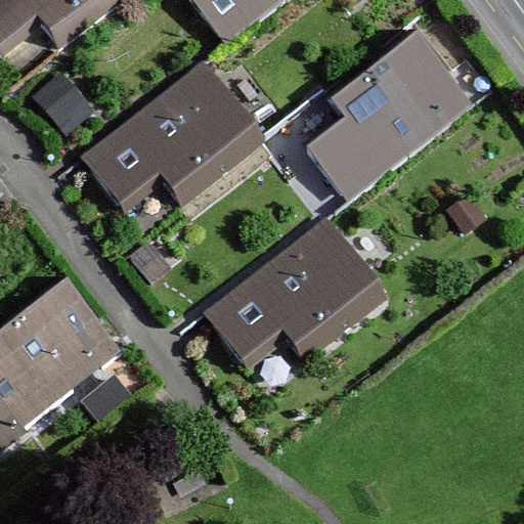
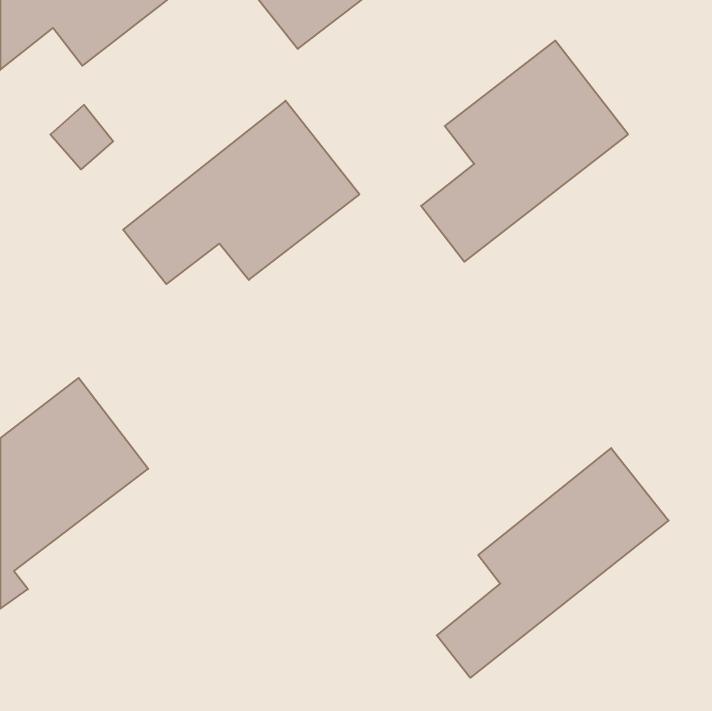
building: [214,229,387,363] -> none
building: none -> [437,448,669,678]

